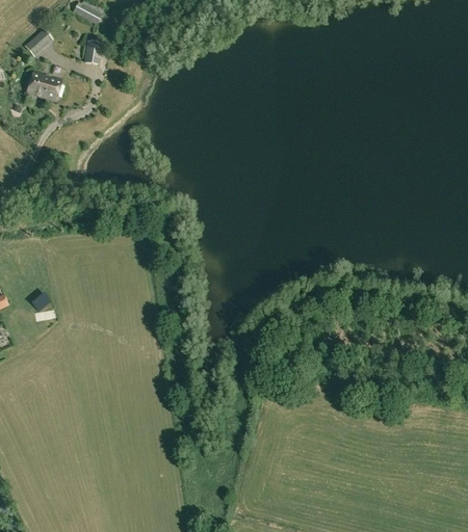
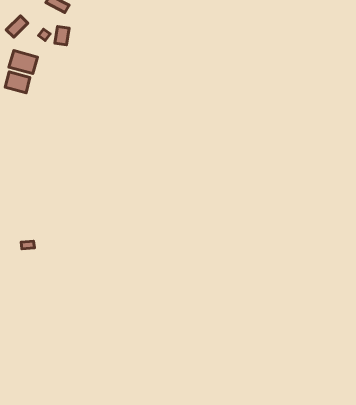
building: none -> [5,72,30,93]

